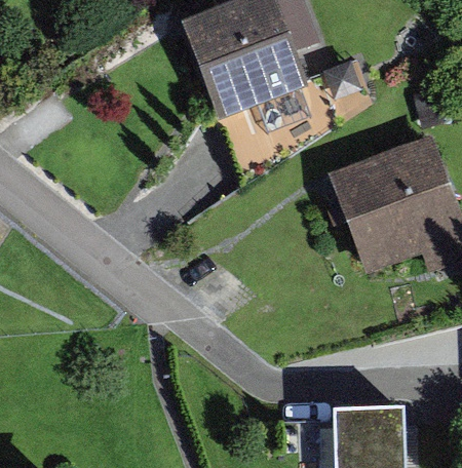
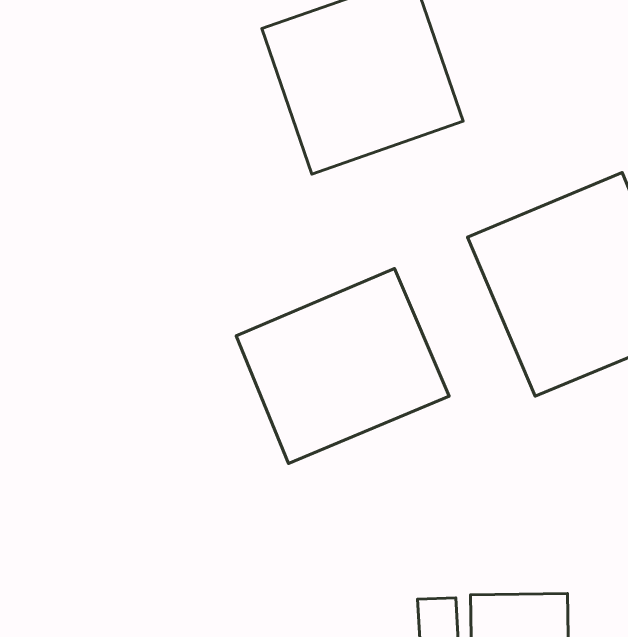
building: none -> [236,269,449,463]

